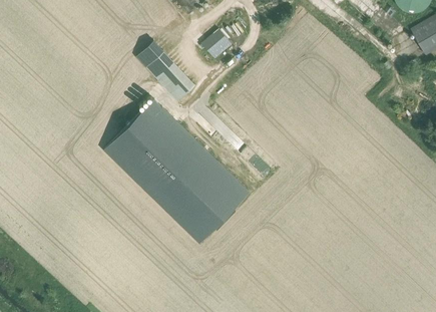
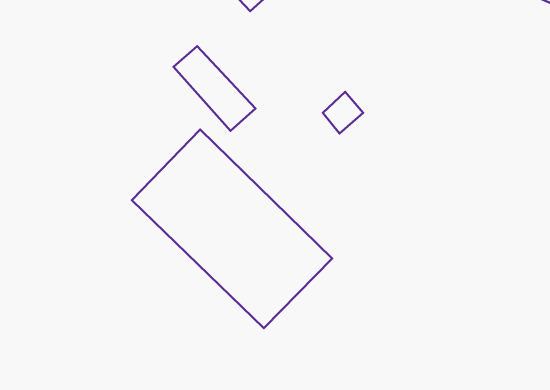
building: [202,28,232,58] -> [323,92,363,134]

